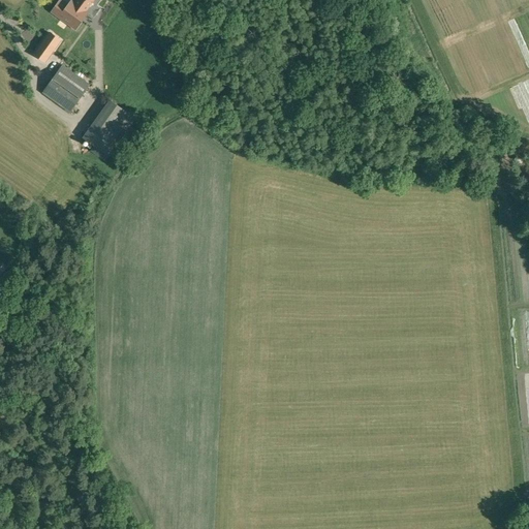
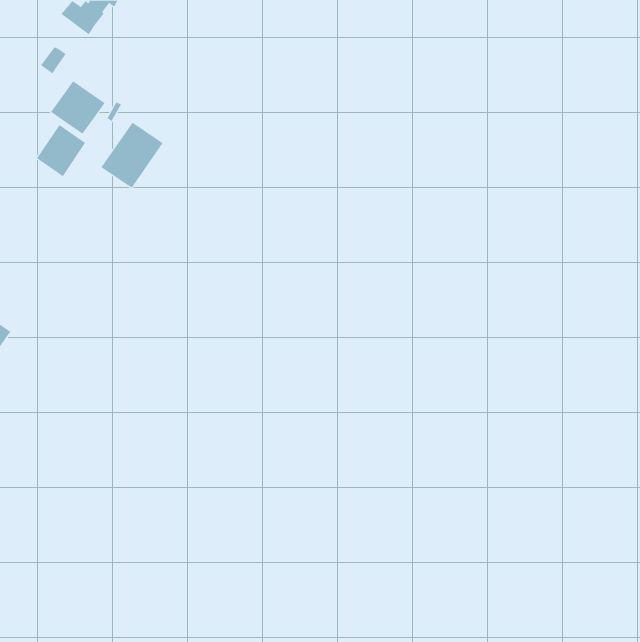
building: none -> [36,124,86,177]

